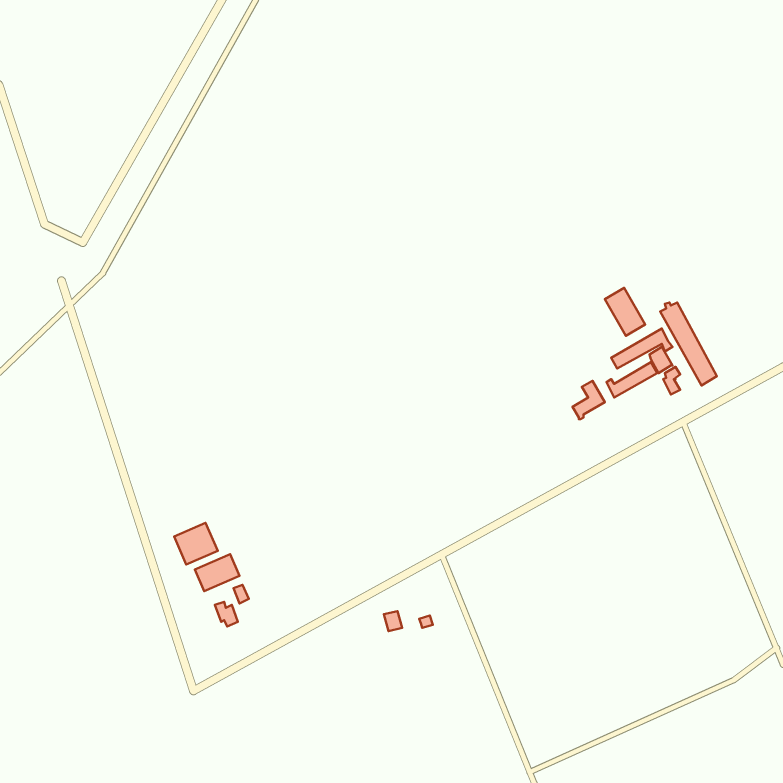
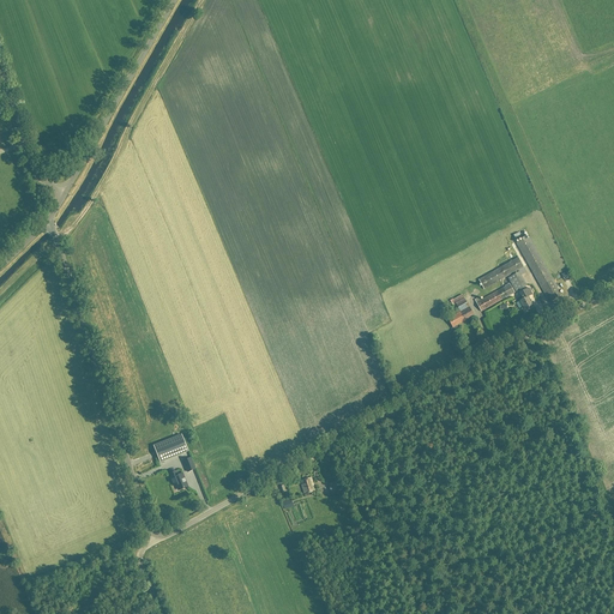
building: [605,288,645,336] -> none
building: [174,523,218,564] -> none

